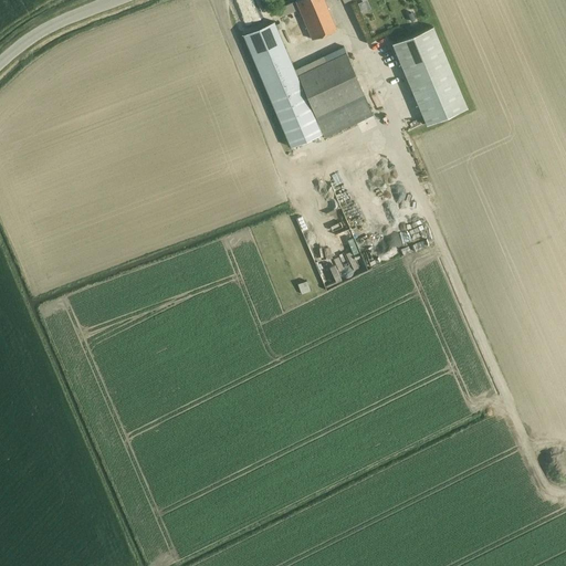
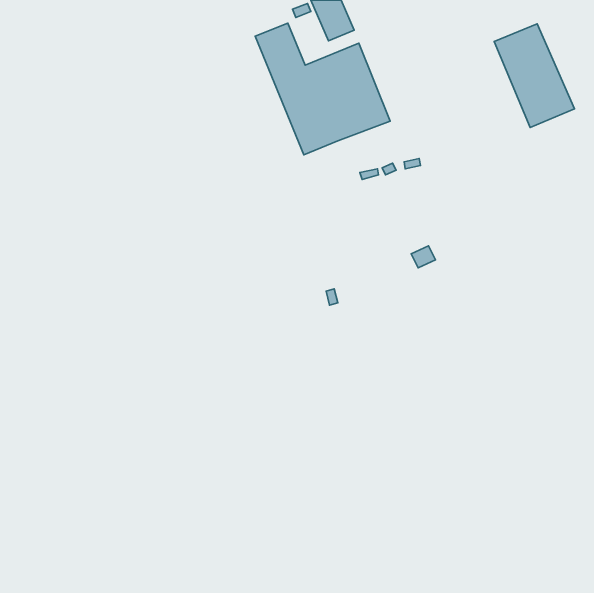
building: [392,29,469,127] -> [494,24,574,128]

